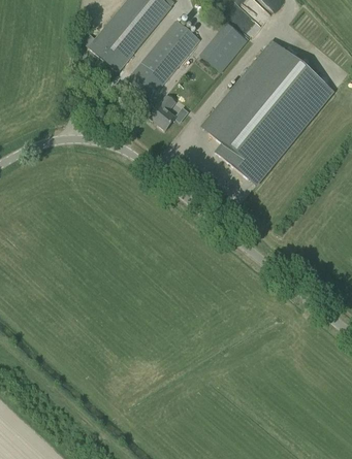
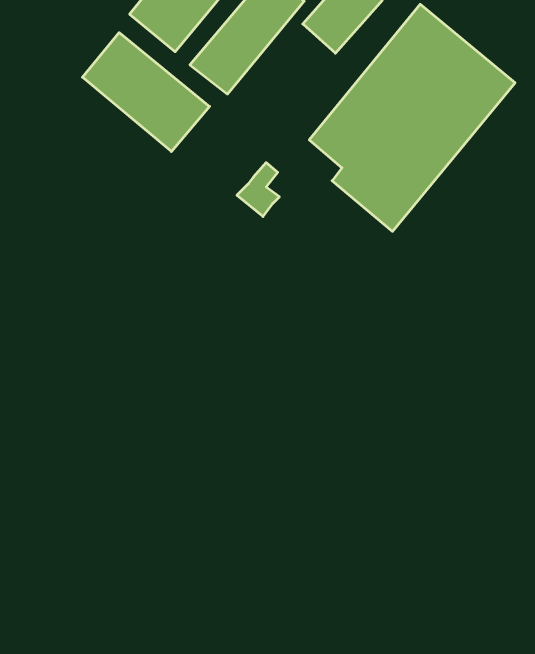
building: none -> [82,33,210,152]
building: [149,96,175,130] -> [237,163,279,217]

